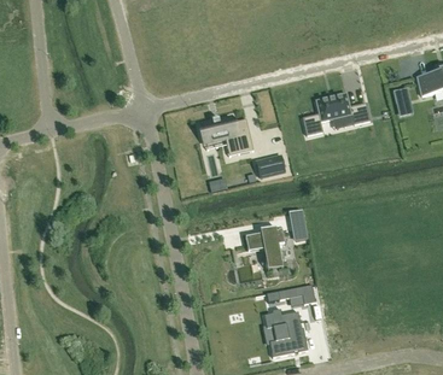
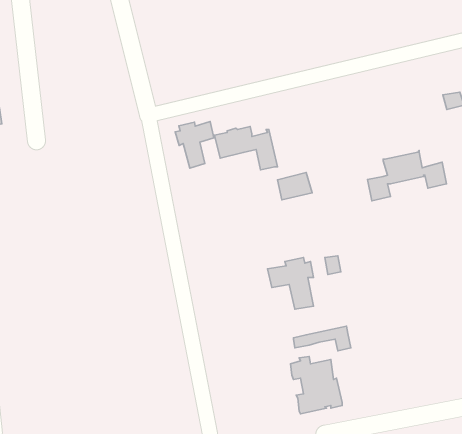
building: [302,93,368,135] -> [368,151,446,201]
building: none -> [175,121,214,168]

